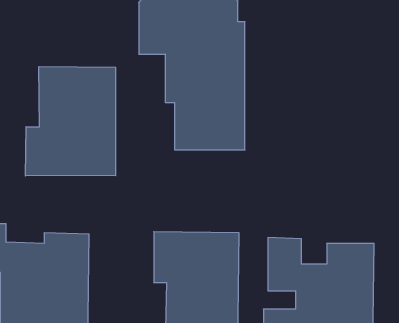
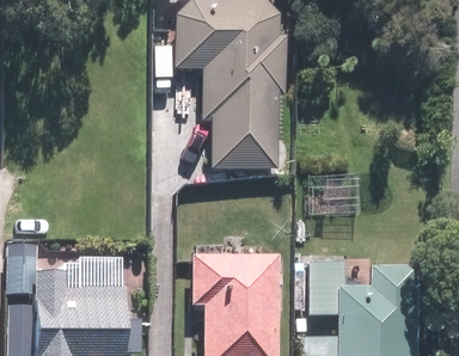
building: [25,67,116,176] -> none

